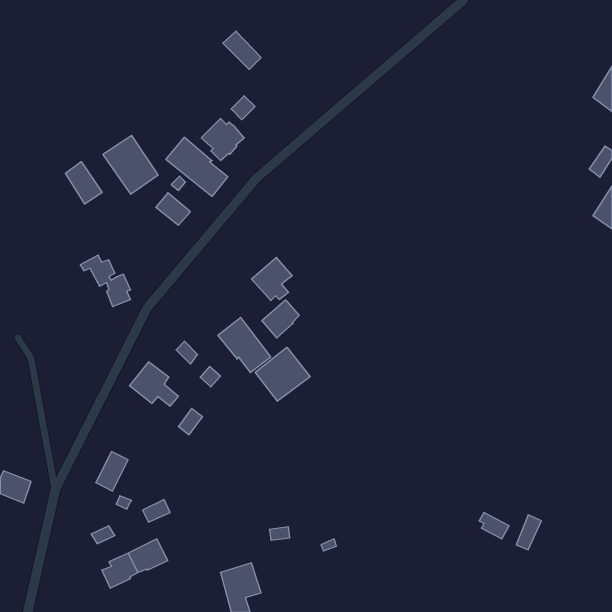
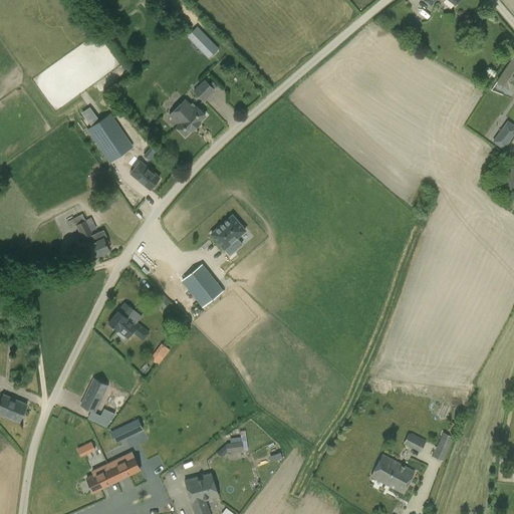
building: [166,137,228,196] -> none
building: [65,162,102,204] -> none
building: [262,300,299,338] -> none
building: [255,347,310,401] -> none
building: none -> [370,454,415,494]

